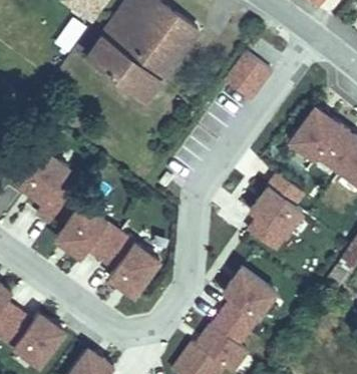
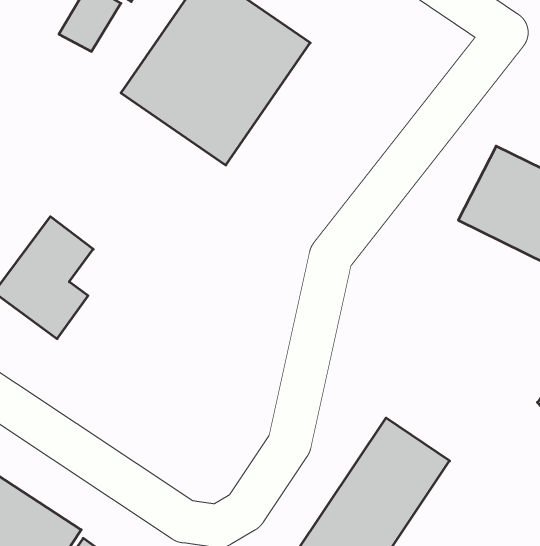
building: [224,46,277,100] -> none
building: [240,170,315,250] -> none
building: [52,200,164,300] -> none

